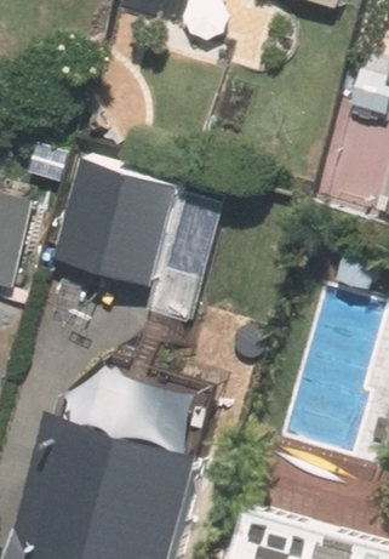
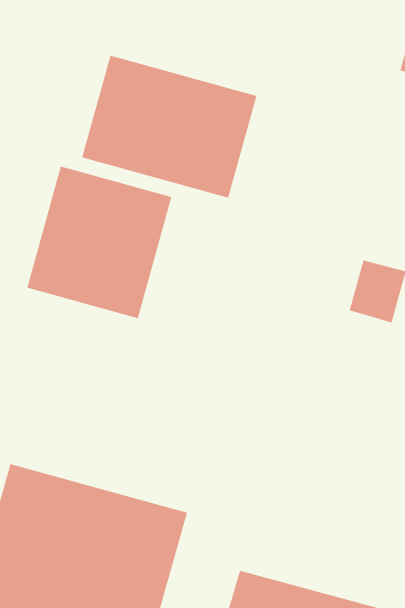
building: none -> [82,55,257,198]

